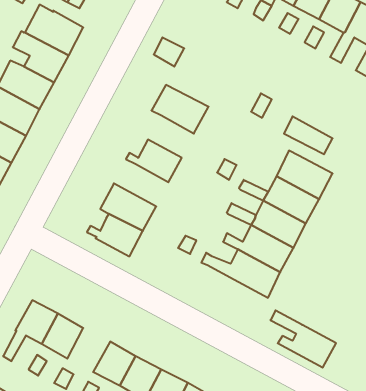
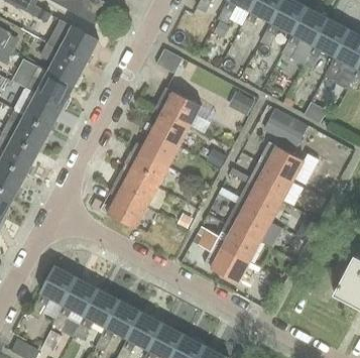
building: none -> [144,113,190,148]
building: none -> [123,149,168,189]
building: [270,310,336,368] -> [197,237,251,284]
building: none -> [85,289,120,326]

